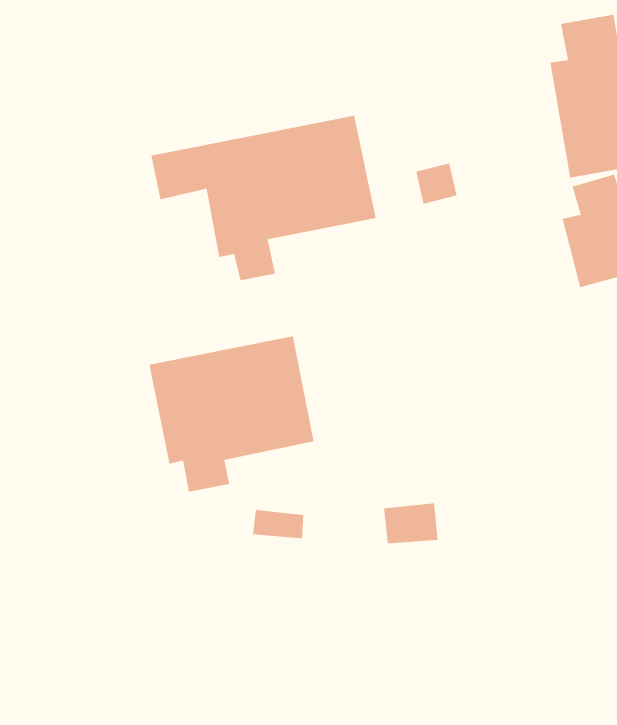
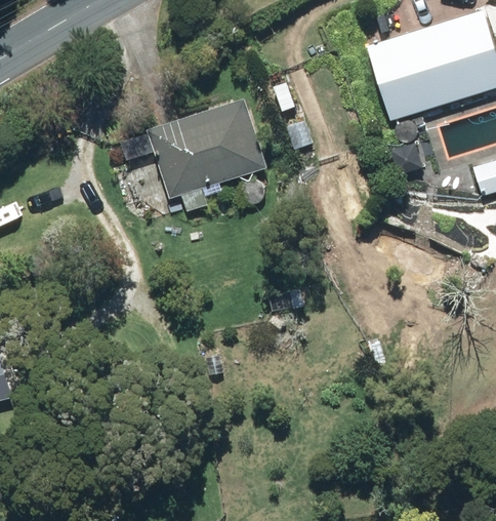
building: [149,335,314,493] -> none

